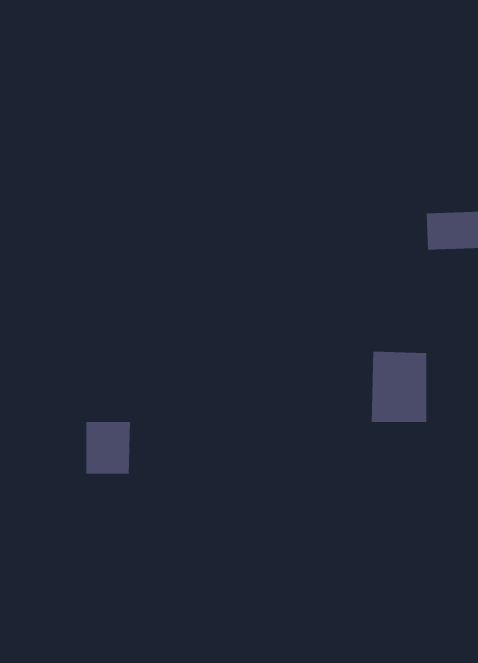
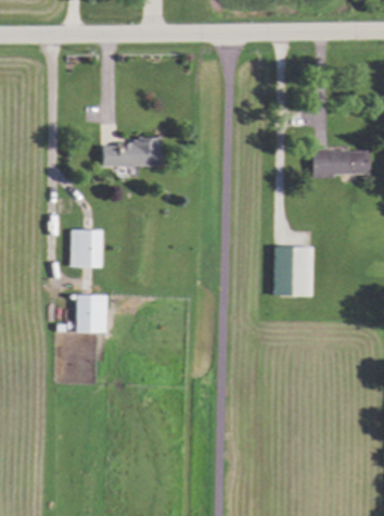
building: none -> [102,140,159,166]
building: none -> [69,229,102,266]

